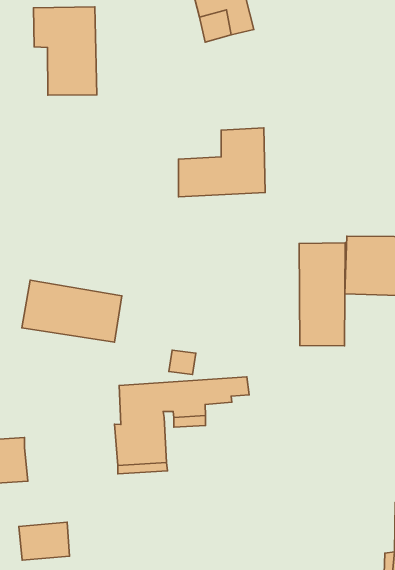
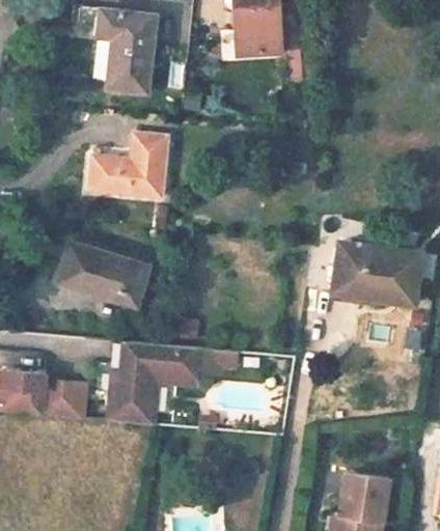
building: [178,128,265,197] -> [98,139,177,197]
building: [299,243,345,346] -> none
building: [19,522,69,560] -> [40,384,83,415]

